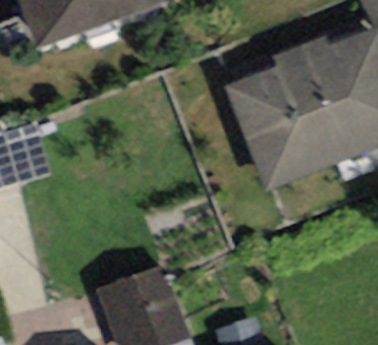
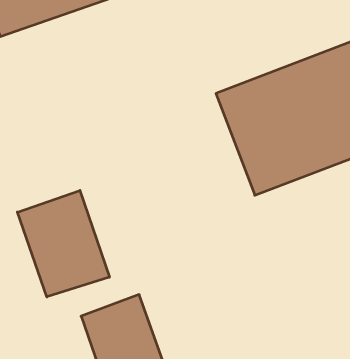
building: none -> [17,190,109,297]

